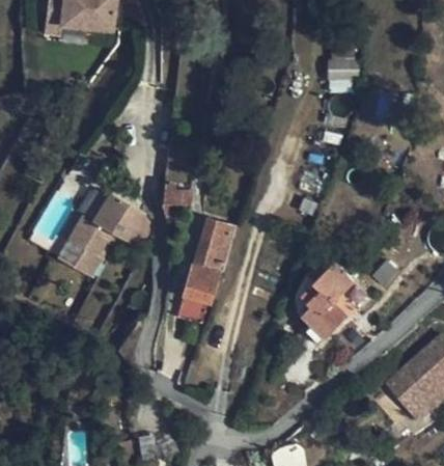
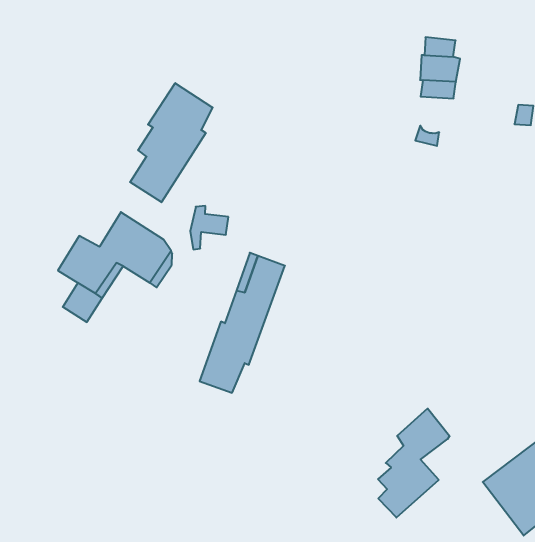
building: none -> [130,83,213,202]
building: [301,262,353,345] -> [378,409,450,518]

